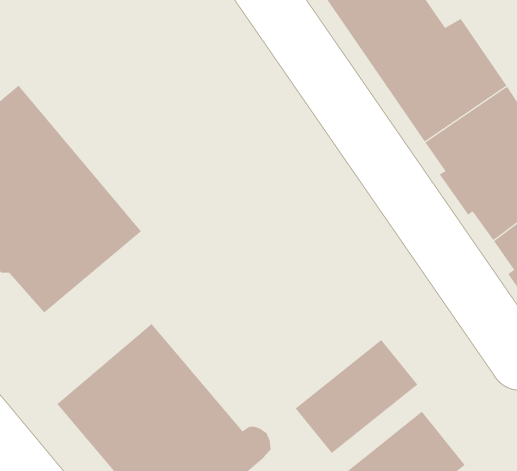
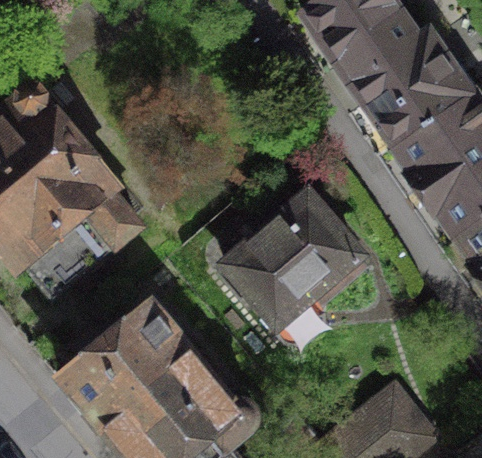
building: none -> [225,193,367,321]
building: [295,339,418,454] -> none

